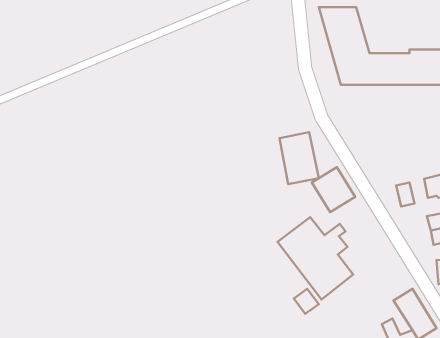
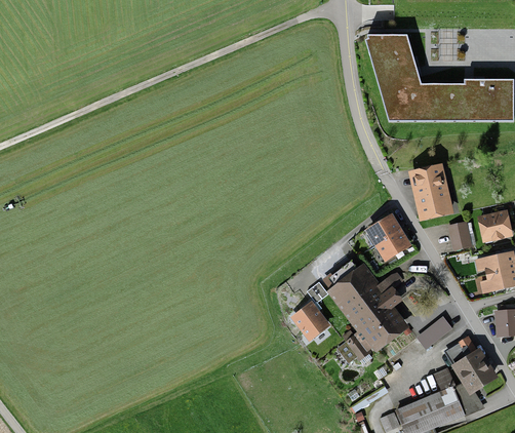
building: [280,132,319,184] -> [405,160,447,215]
building: none -> [287,296,325,334]
building: none -> [417,317,452,350]

